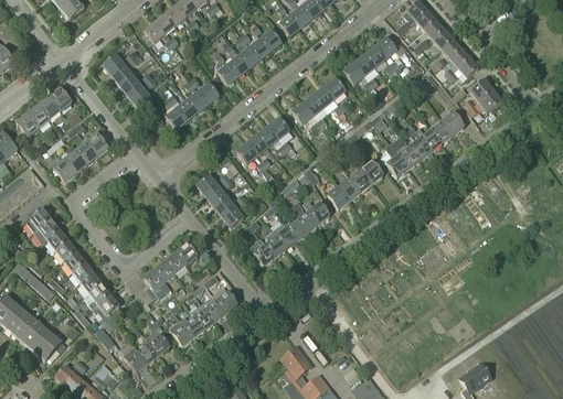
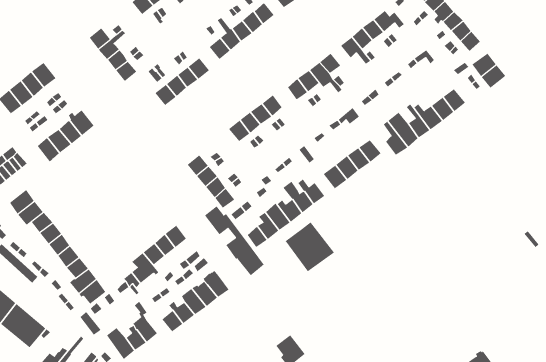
building: none -> [204,206,265,276]
building: none -> [285,222,335,272]

